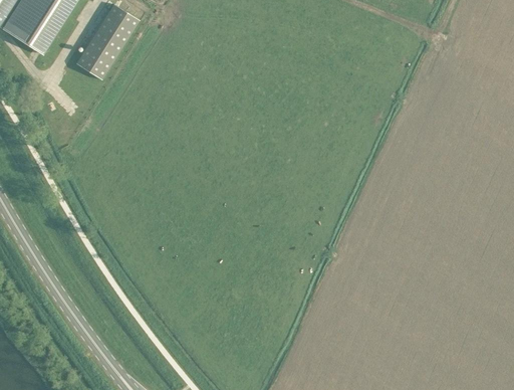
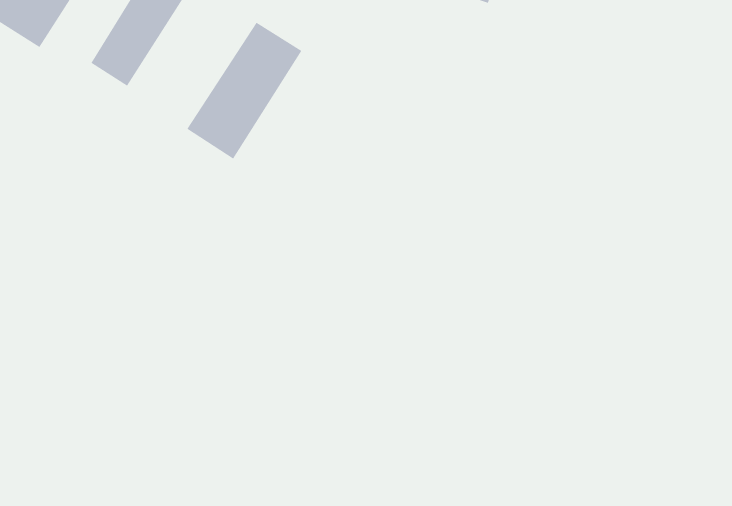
building: none -> [187,22,302,160]

